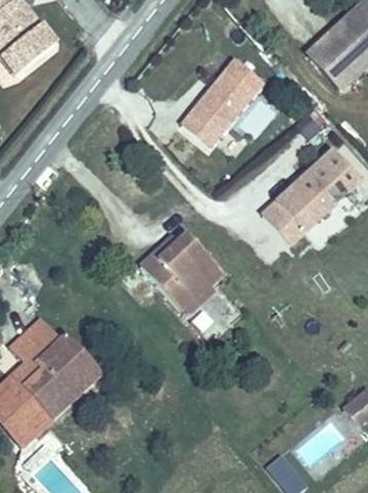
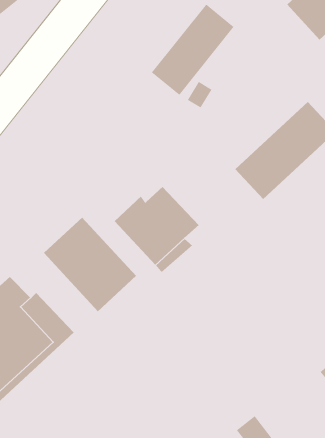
building: none -> [43,217,137,312]

